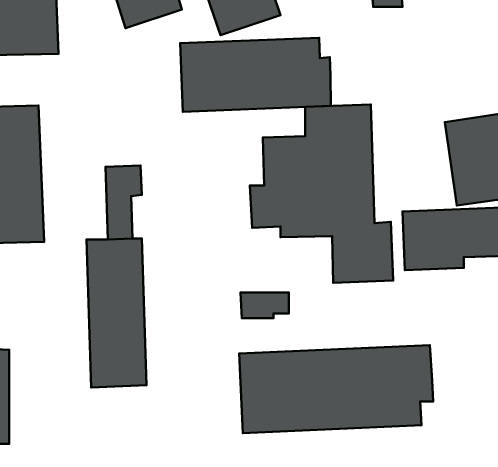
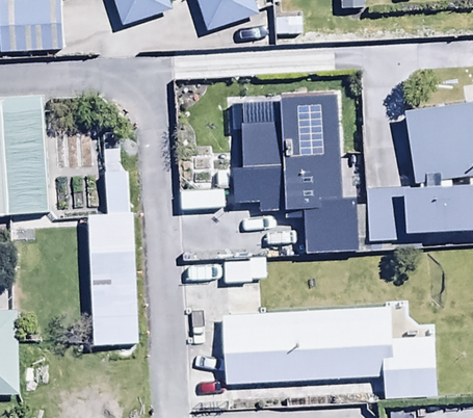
building: [180,38,331,112] -> none
building: none -> [382,337,436,400]

